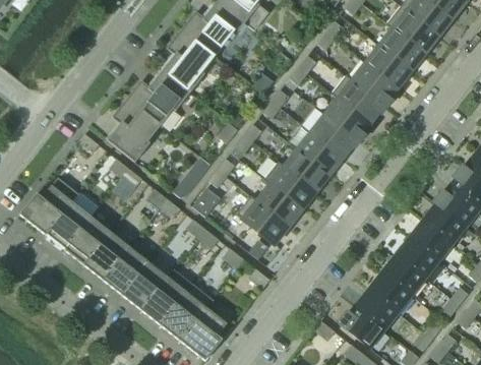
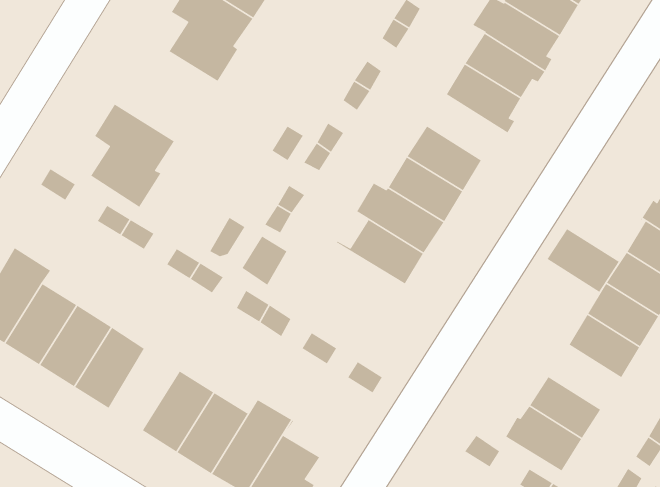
building: [127,70,190,124] -> none
building: [312,114,360,156] -> none
building: [236,195,289,243] -> none
building: [104,246,148,295] -> none
building: [368,271,412,312] -> [547,228,620,293]

